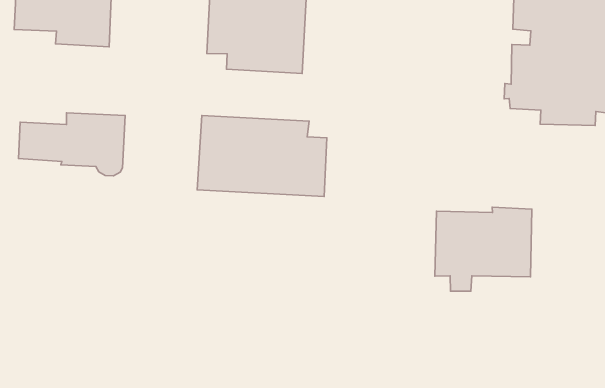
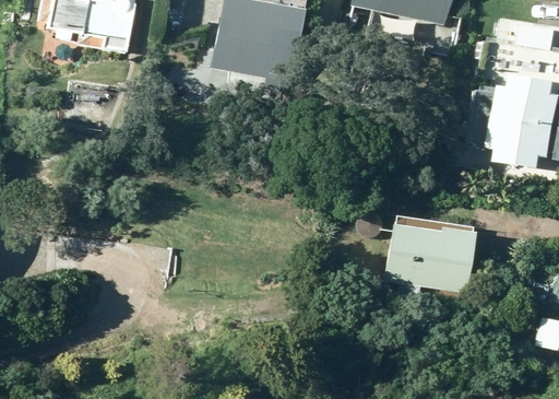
building: [19,113,125,176] -> none
building: [197,116,327,196] -> none

